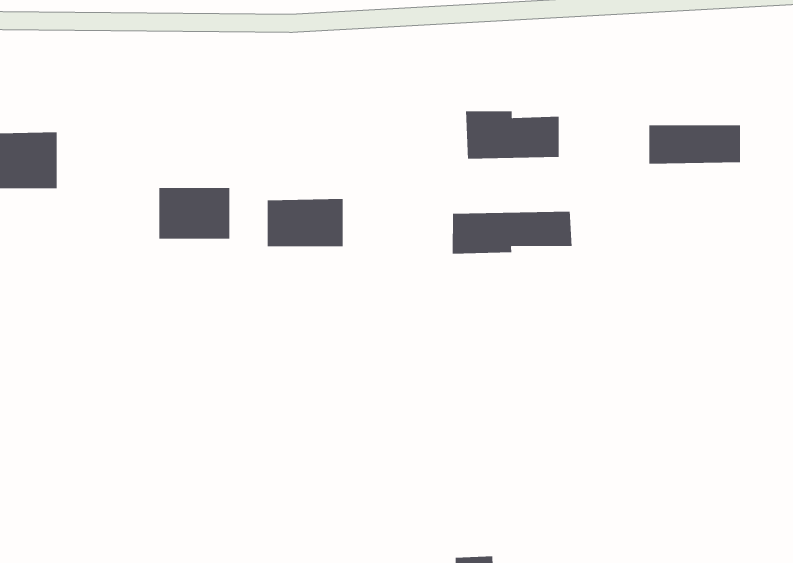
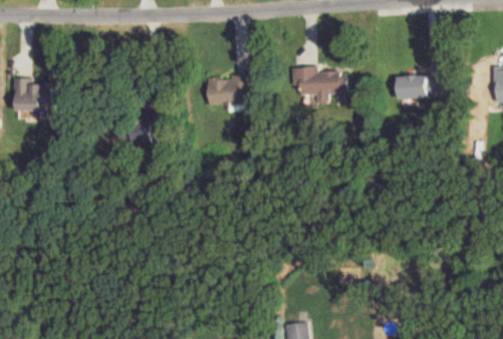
building: [267,198,344,247] -> [207,76,251,104]
building: [452,211,572,255] -> none

